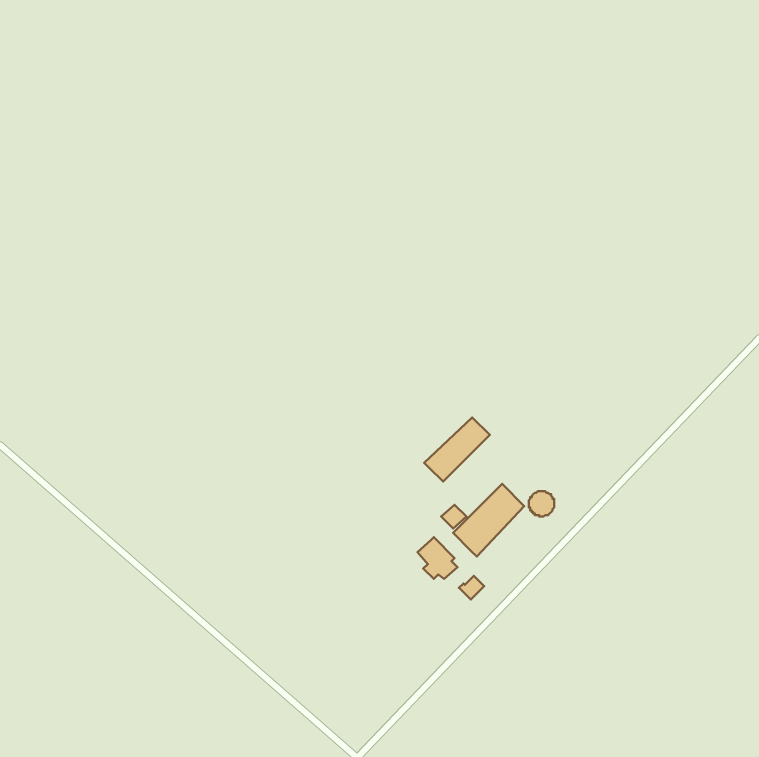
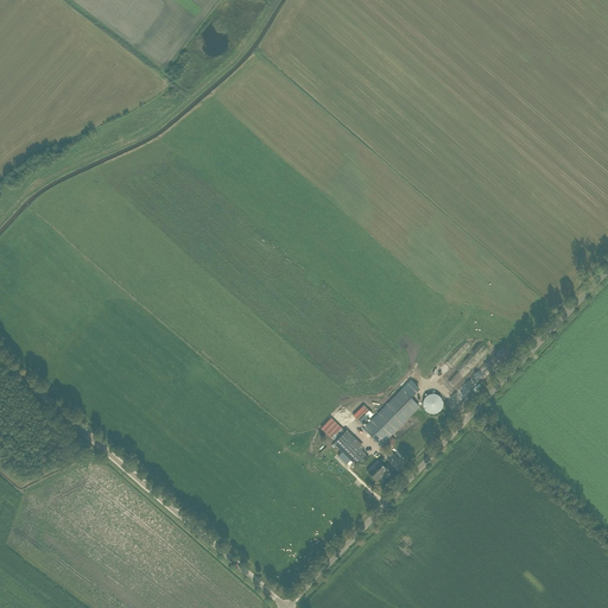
building: [424,417,490,482] -> none

